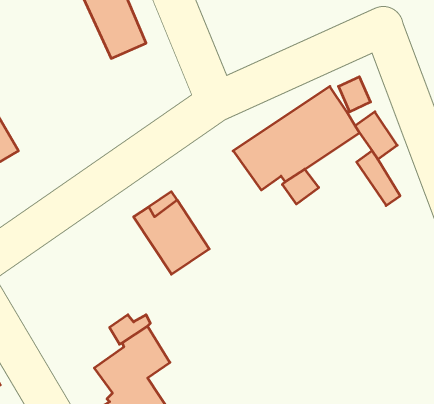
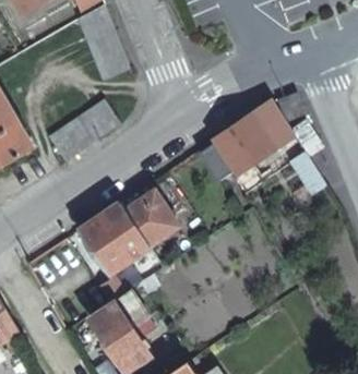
building: none -> [46,101,117,162]
building: none -> [79,203,147,274]

